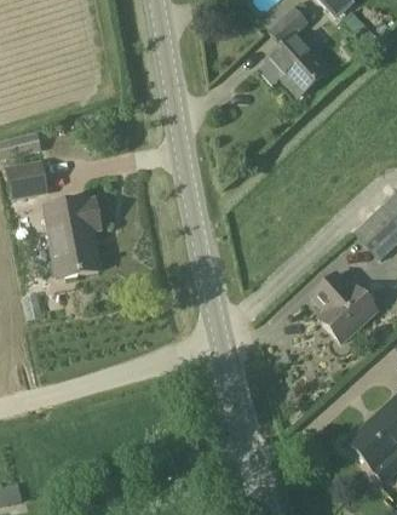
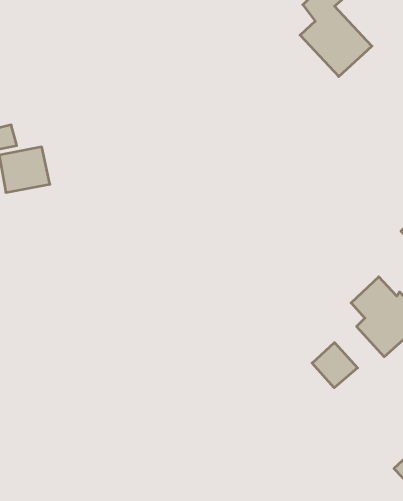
building: [42,199,100,279] -> none
building: none -> [312,343,358,388]

